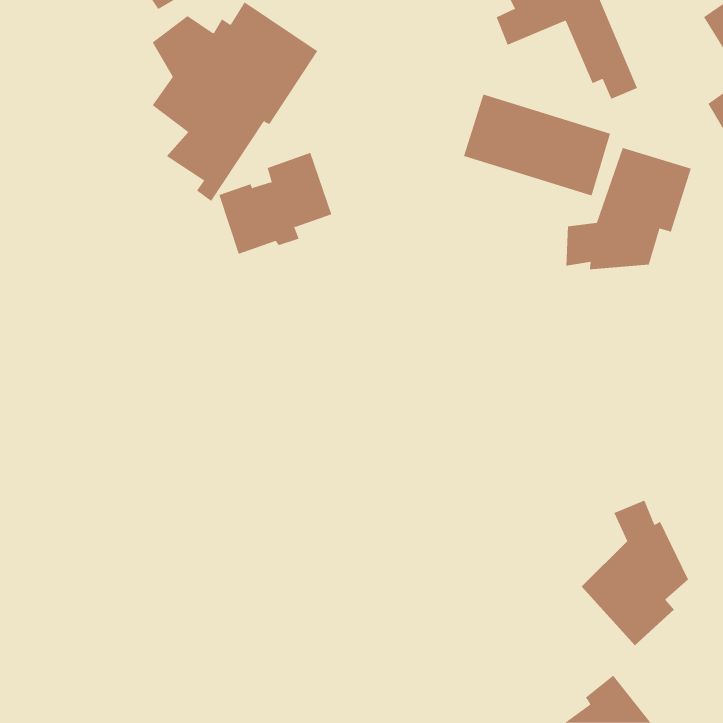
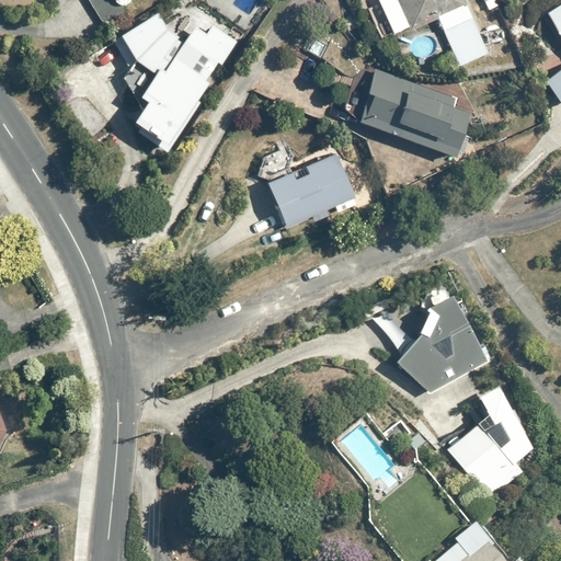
building: [566,147,692,270] -> none
building: [218,152,332,254] -> [267,148,355,227]
building: none -> [397,297,483,392]

